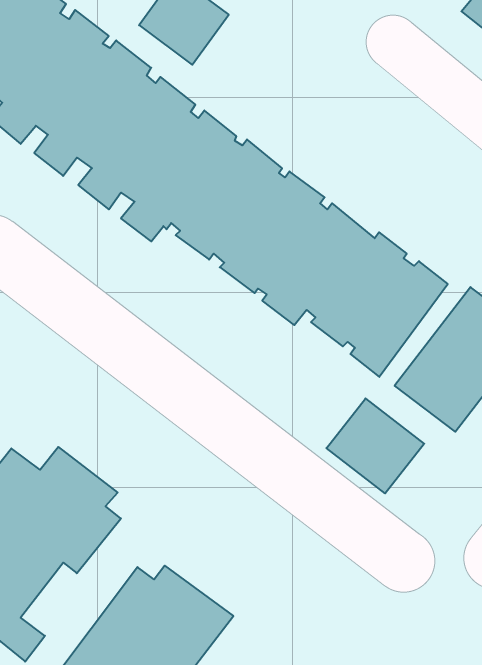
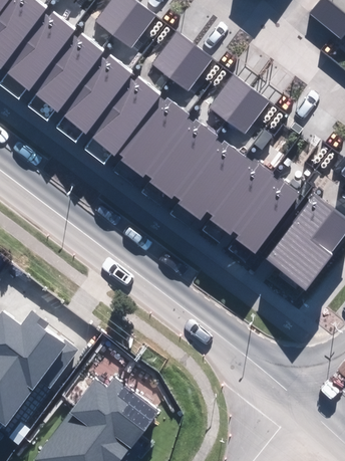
building: none -> [150,32,212,91]
building: none -> [209,75,269,135]
building: [326,398,424,493] -> none

